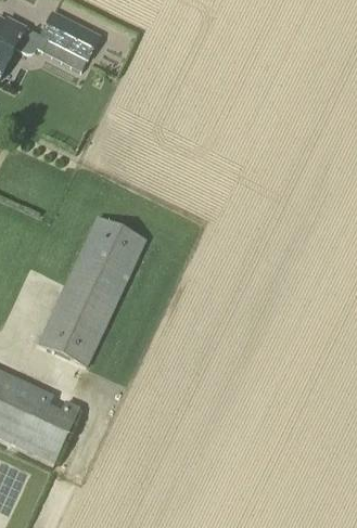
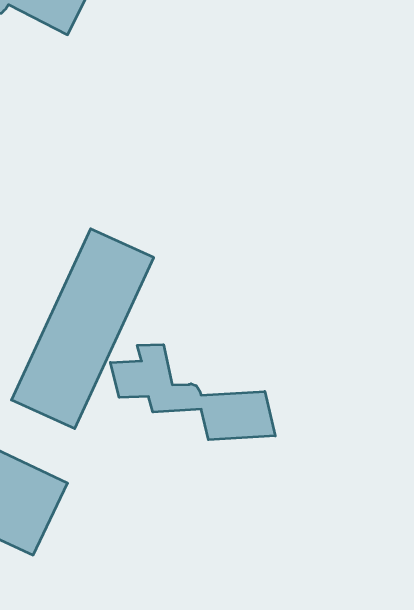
building: none -> [110,345,275,440]

